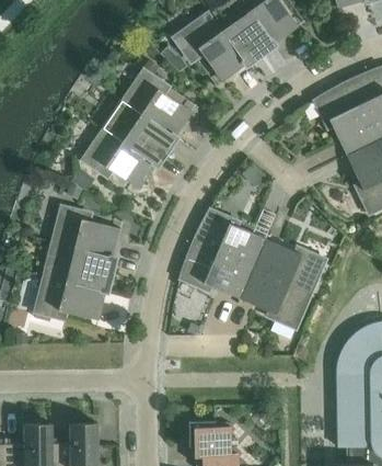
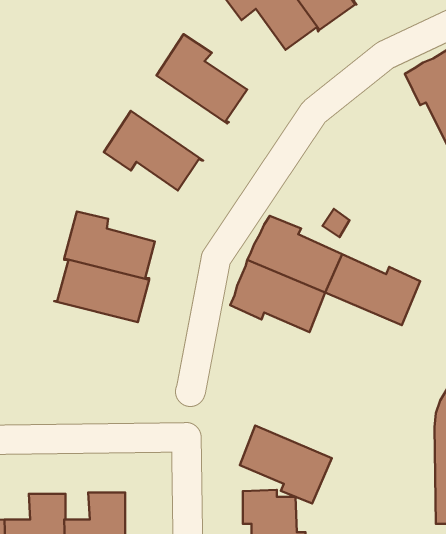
building: [103,101,177,167] -> none
building: [241,269,312,329] -> [240,426,332,504]
building: [34,275,108,322] -> none

